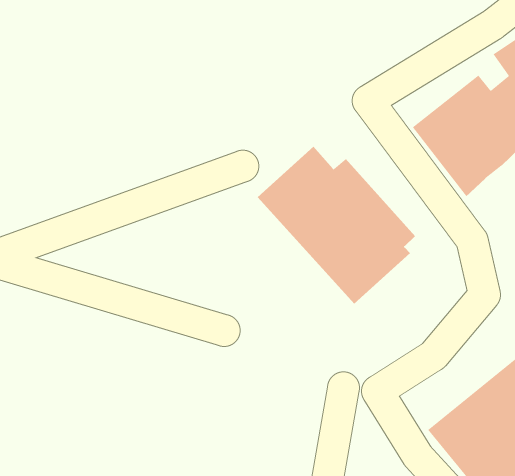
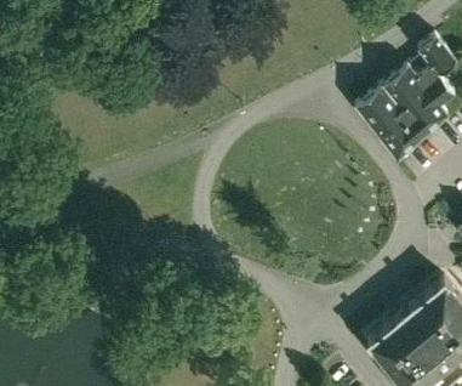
building: [257,146,416,304] -> none

